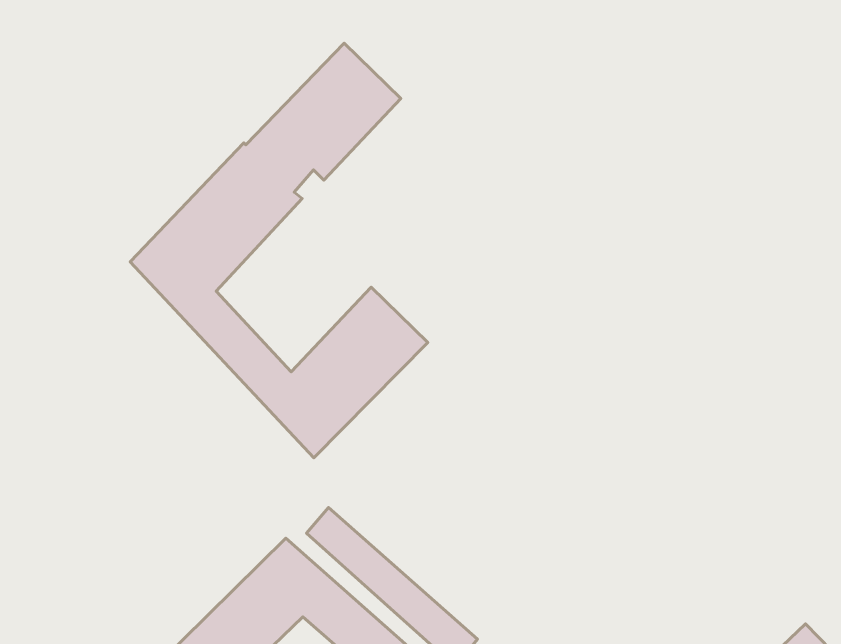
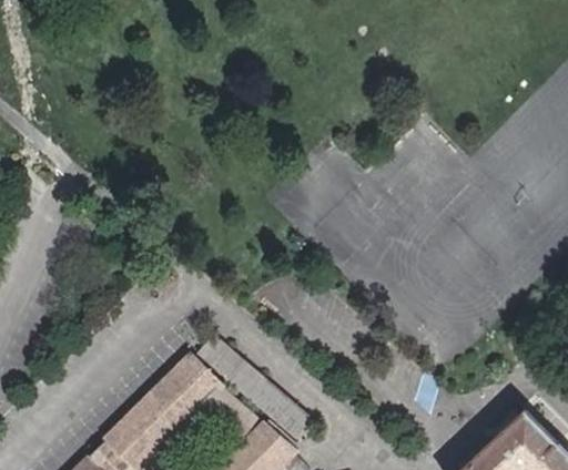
building: [130,43,428,458] -> none

